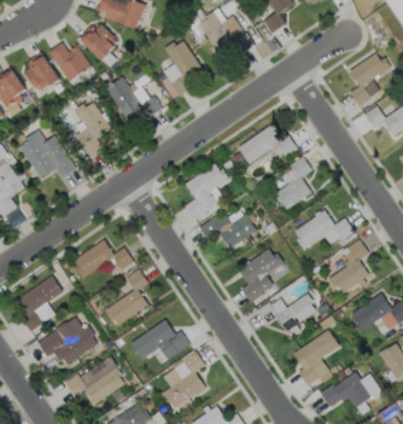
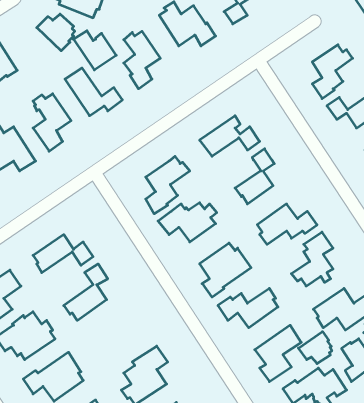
building: [49,42,92,81] -> [73,31,116,70]
building: [130,319,189,359] -> none
building: none -> [298,332,332,364]

